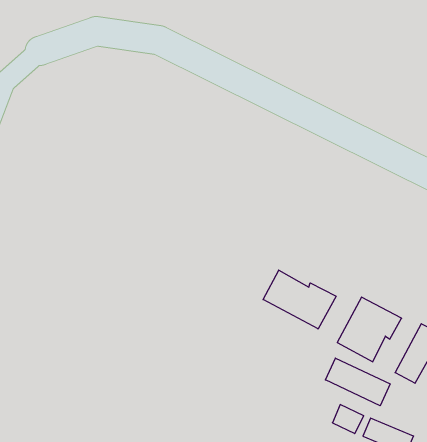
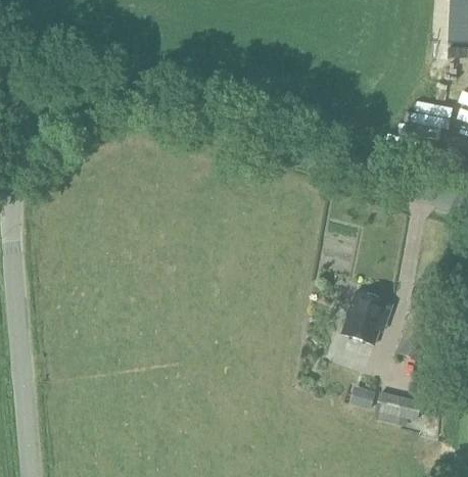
building: [263,270,336,329] -> none
building: [325,358,390,406] -> none

